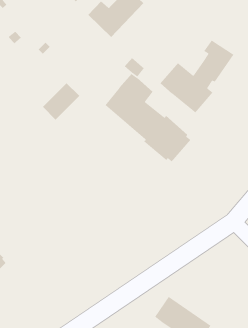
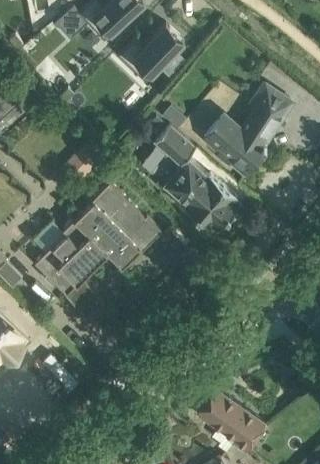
building: none -> [33,183,162,318]

